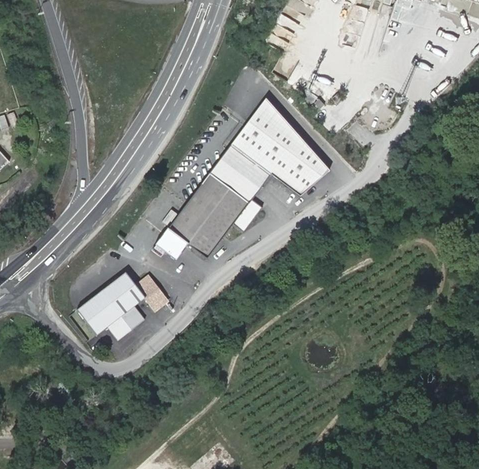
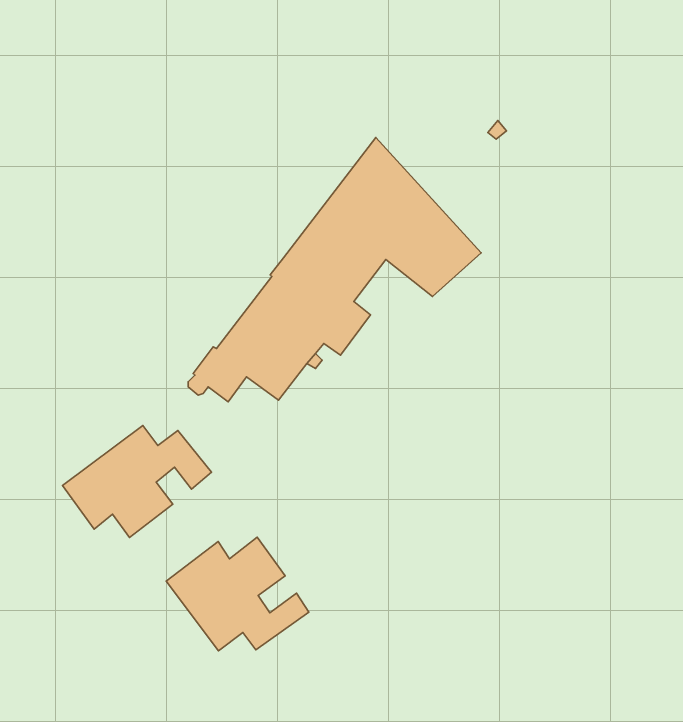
building: none -> [166,537,309,651]

